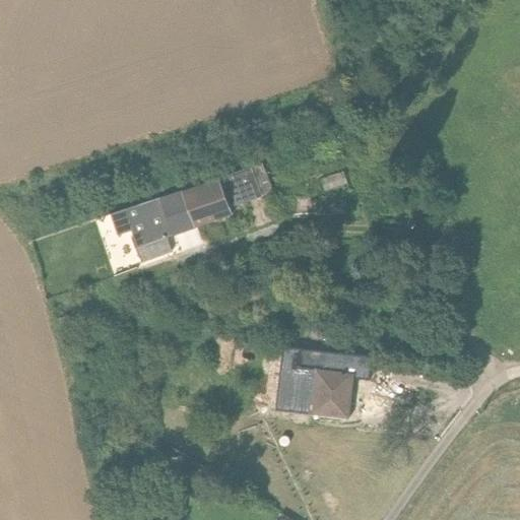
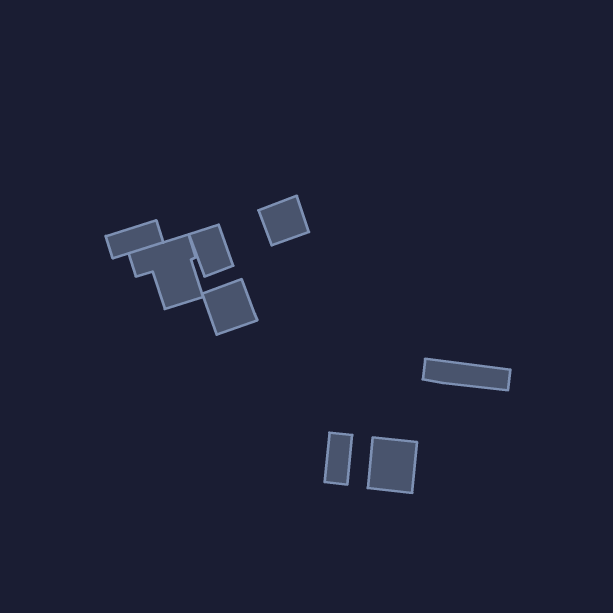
building: [186,178,233,224] -> [202,279,257,335]
building: none -> [106,220,163,258]
building: [281,347,355,374] -> [423,359,510,390]

